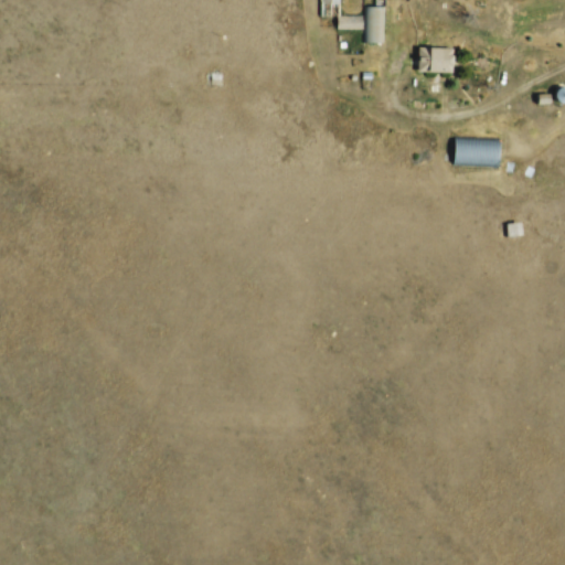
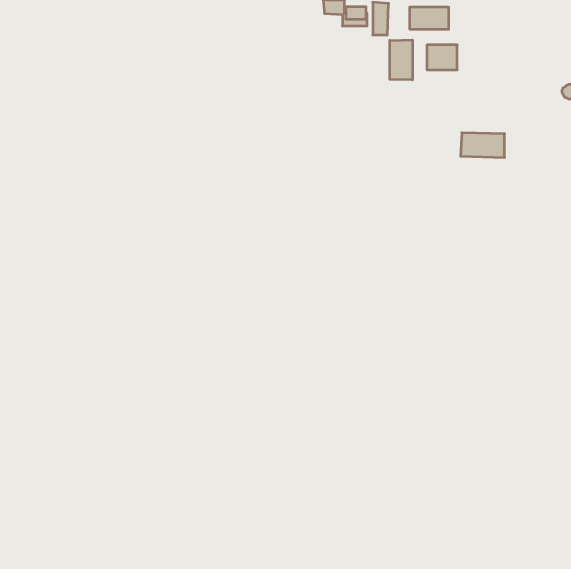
building: none -> [410,7,449,29]
building: none -> [390,40,412,80]

